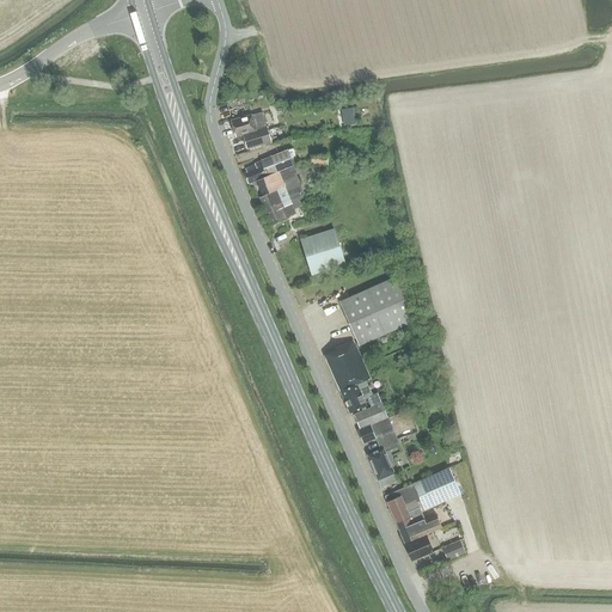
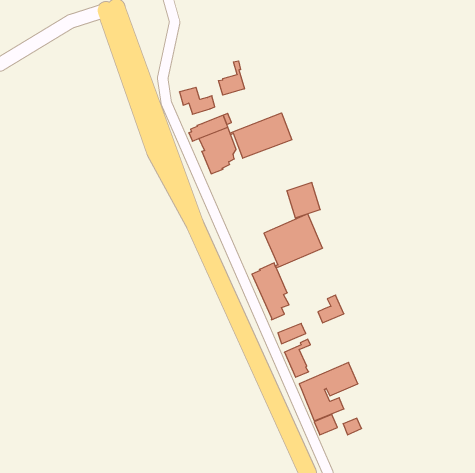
building: none -> [218,61,244,95]
building: none -> [230,113,292,158]
building: [301,227,344,273] -> [287,183,320,218]
building: [354,391,387,427] -> [318,295,344,323]

